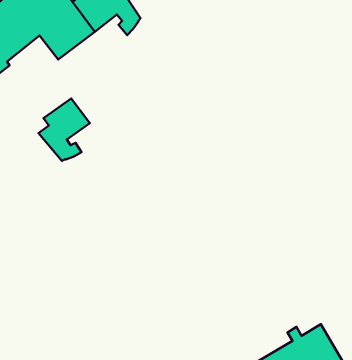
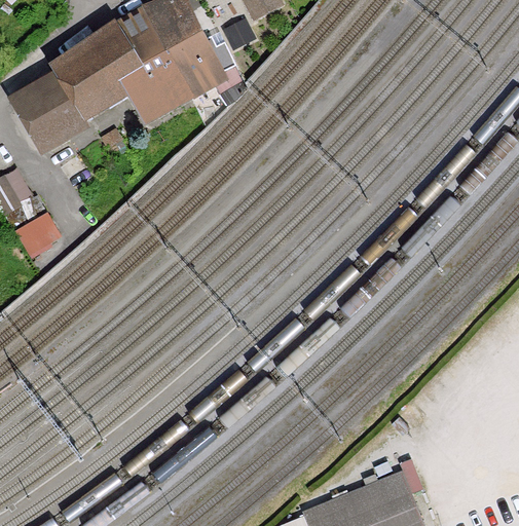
building: [39,98,90,161] -> none

